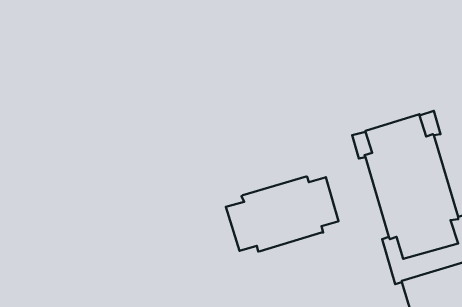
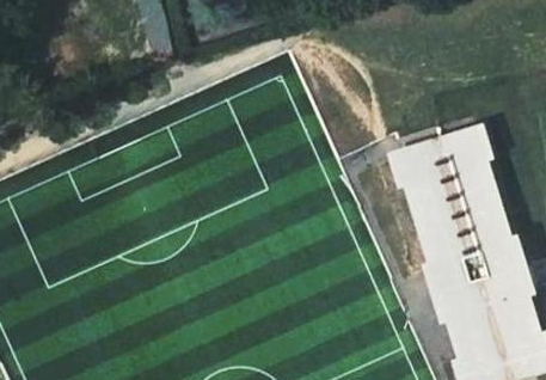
building: [226,176,338,251] -> none

